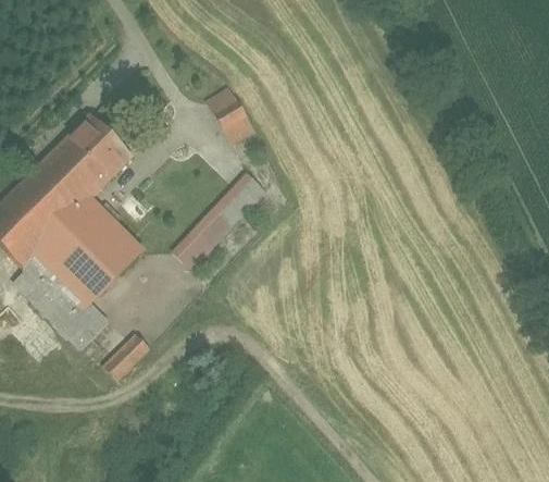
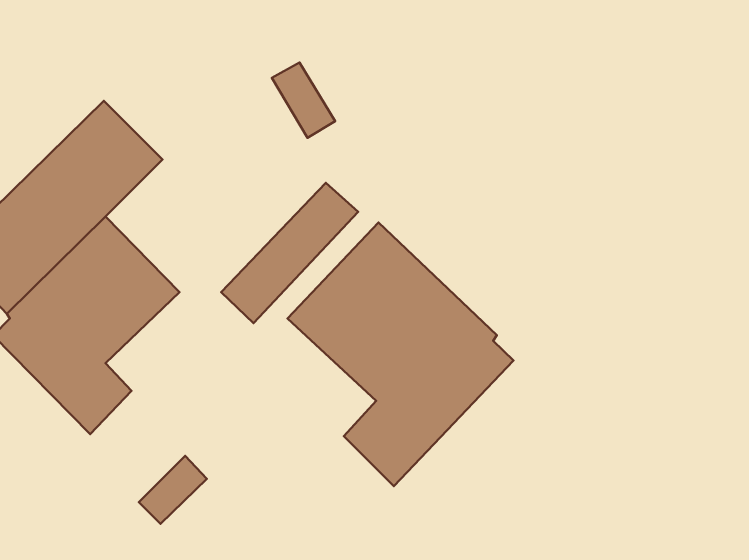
building: none -> [288,222,513,486]
building: [101,332,149,380] -> [139,456,207,524]

